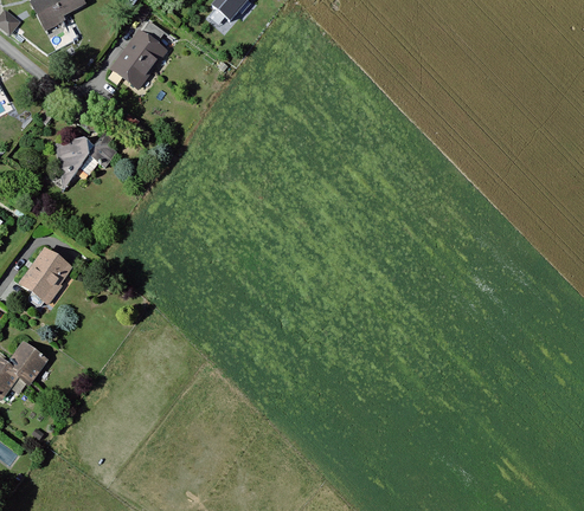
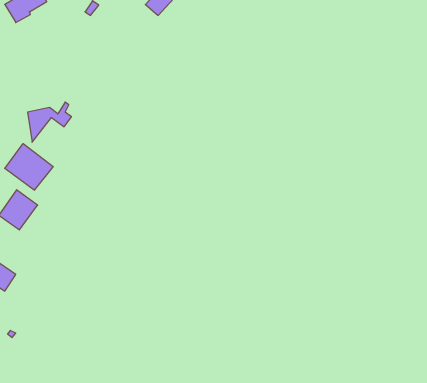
building: [115,21,168,89] -> none
building: none -> [5,144,53,190]

